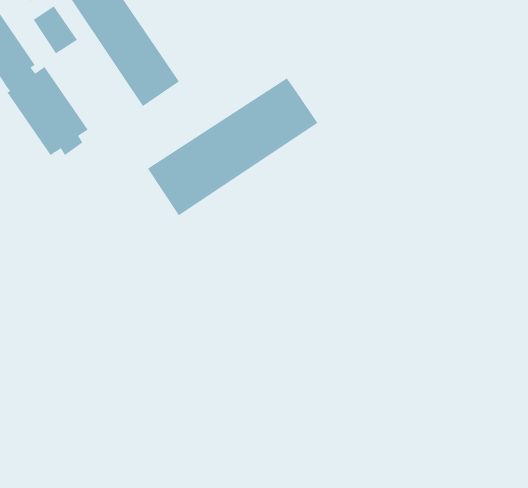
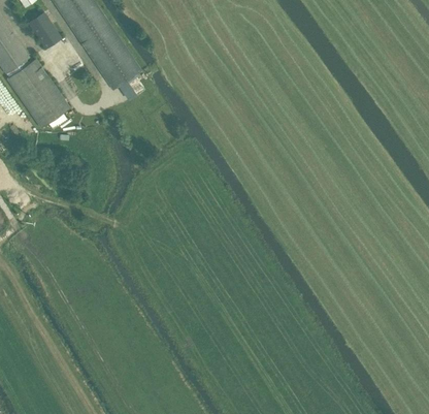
building: [148,77,318,216] -> none

